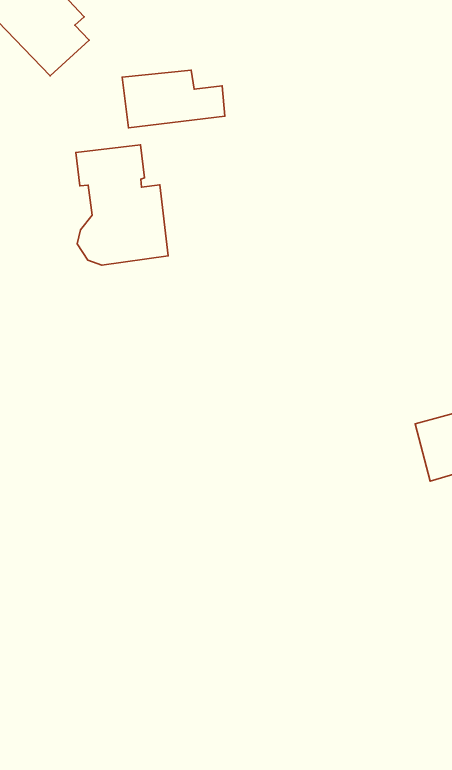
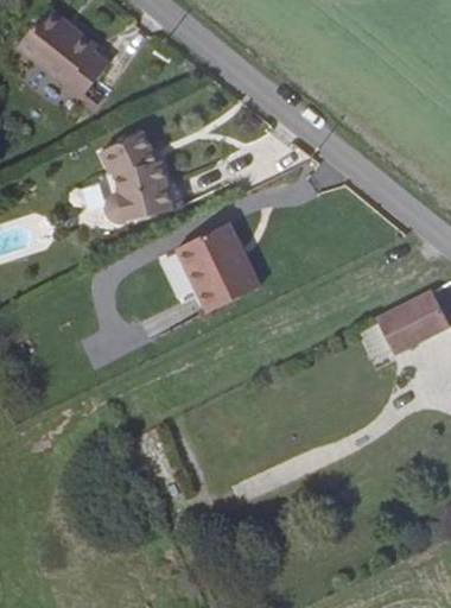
building: [122,70,225,128] -> none
building: none -> [176,224,259,310]

